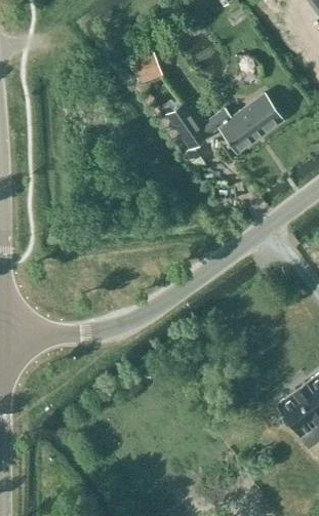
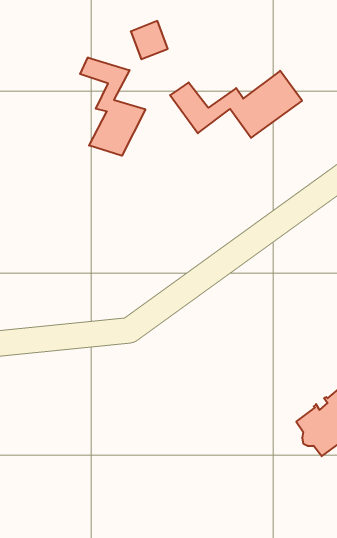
building: none -> [80,57,145,156]

